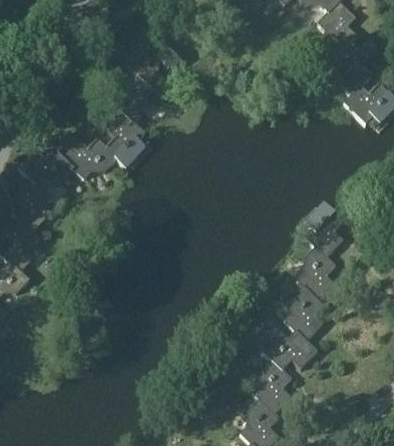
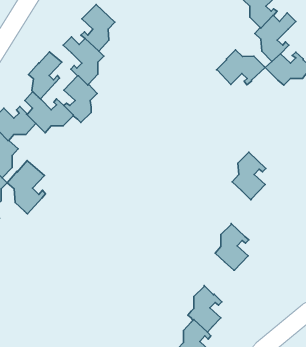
building: none -> [216,50,265,85]
building: none -> [28,52,62,99]
building: none -> [7,161,46,214]
building: [297,247,337,301] -> none
building: [263,331,318,370] -> none

